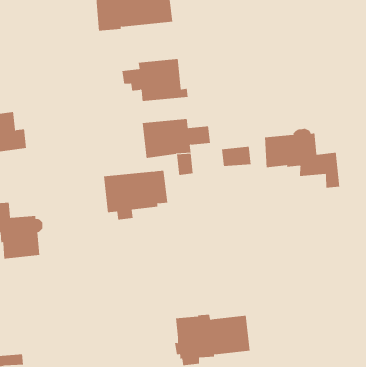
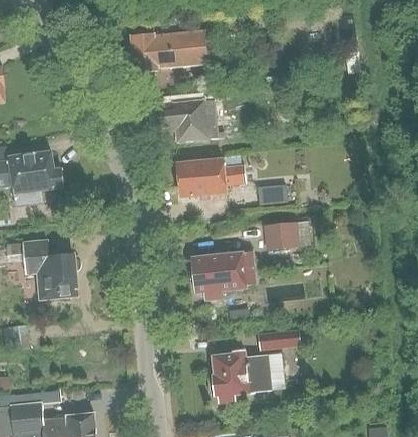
building: [264,128,340,188] -> none
building: [103,170,168,220] -> [190,251,255,300]
building: none -> [263,221,299,250]
building: none -> [258,329,299,349]

